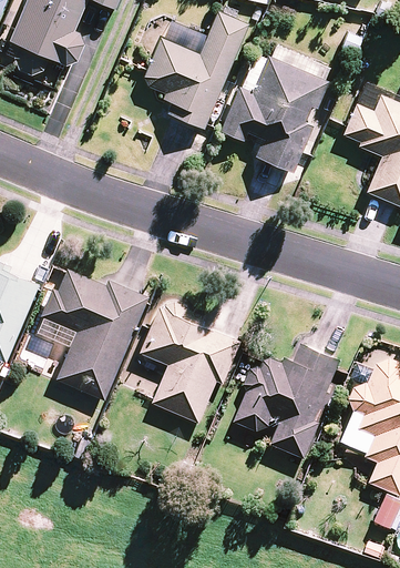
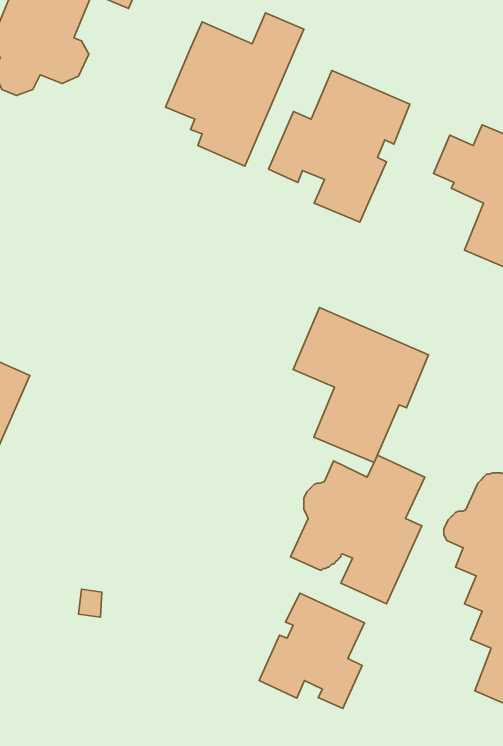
building: [37,267,146,402] -> none
building: [139,306,240,423] -> [293,308,429,462]
building: none -> [259,593,365,708]

